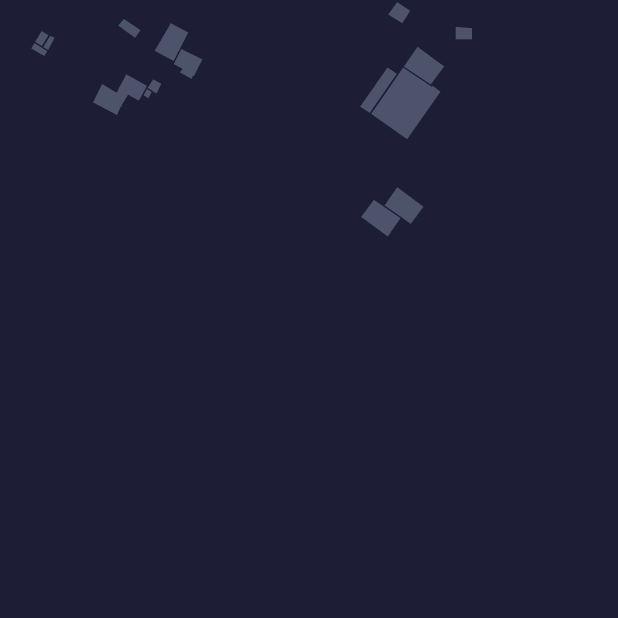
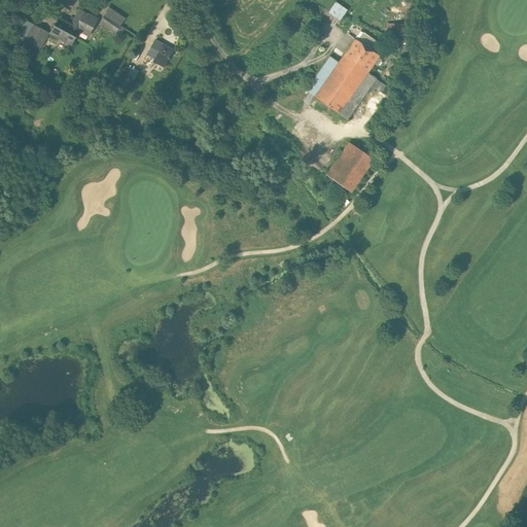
building: [154,22,189,62] -> none
building: [92,74,148,116] -> [50,9,98,45]
building: [360,199,401,237] -> [338,143,373,176]

